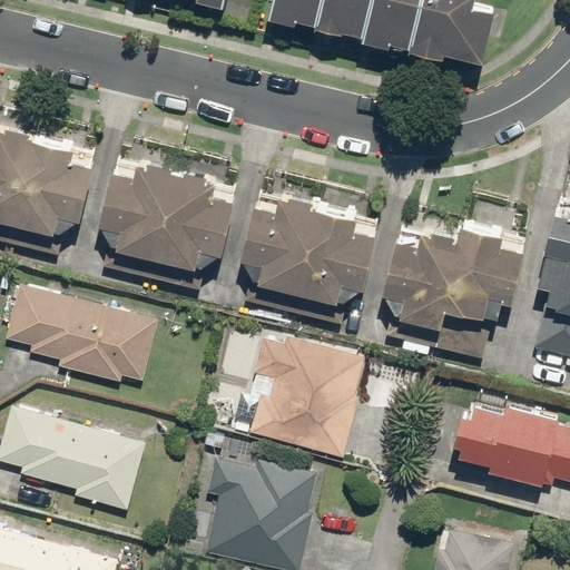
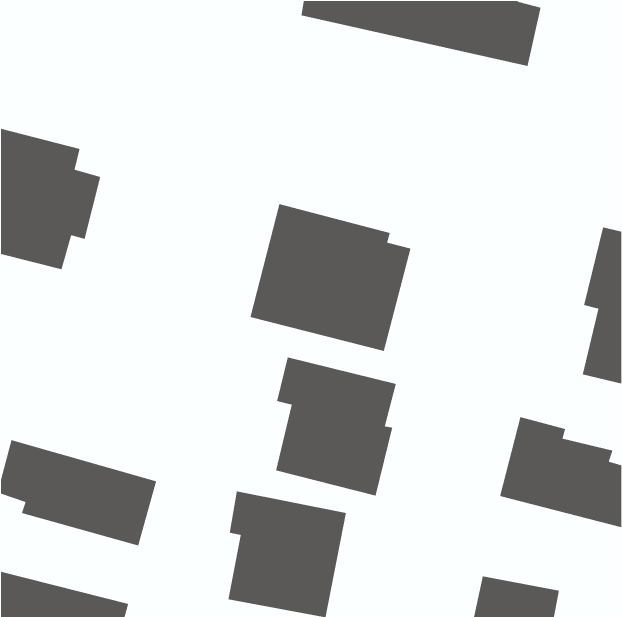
building: [92,156,234,293] -> none
building: [377,224,524,358] -> none
building: [8,284,158,384] -> none

